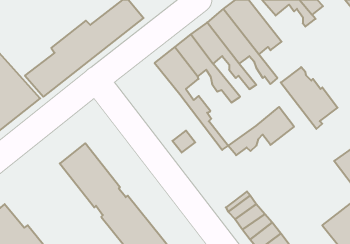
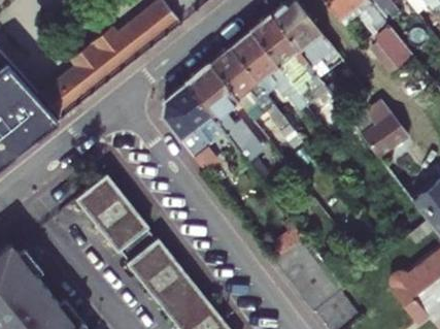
building: none -> [373,26,410,71]
building: none -> [164,79,221,157]
building: [228,107,294,155] -> none

